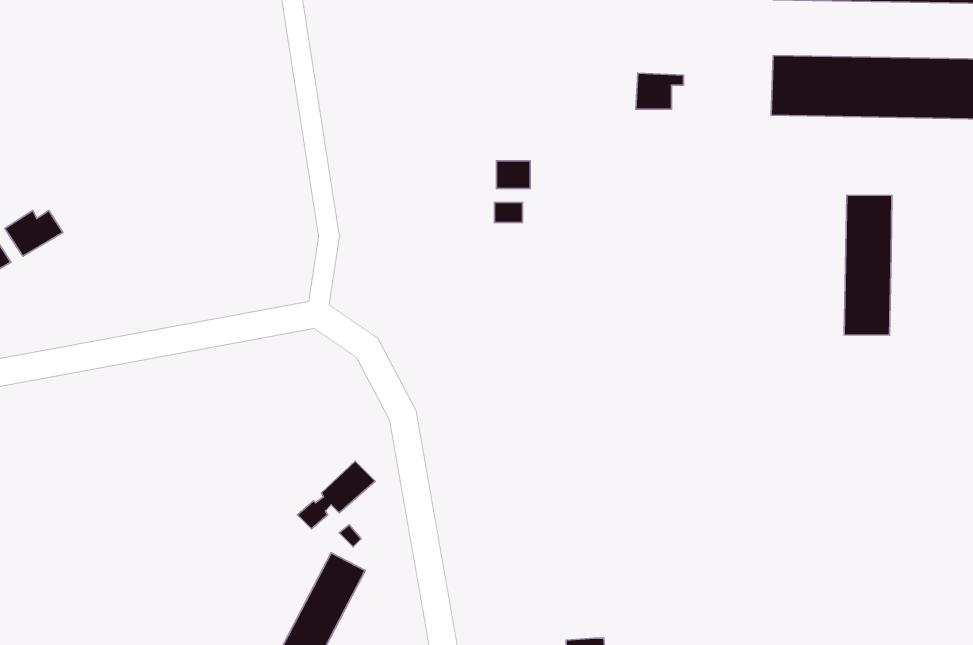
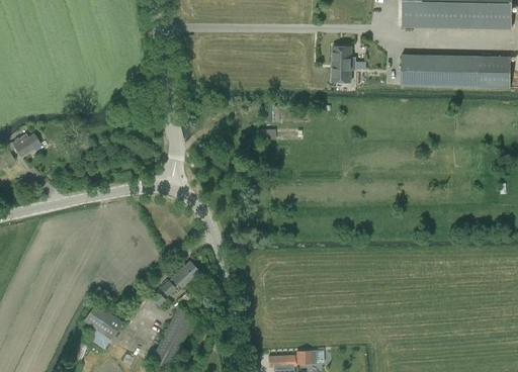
building: none -> [333,45,356,65]
building: [844,195,892,335] -> none
building: none -> [83,303,122,340]

